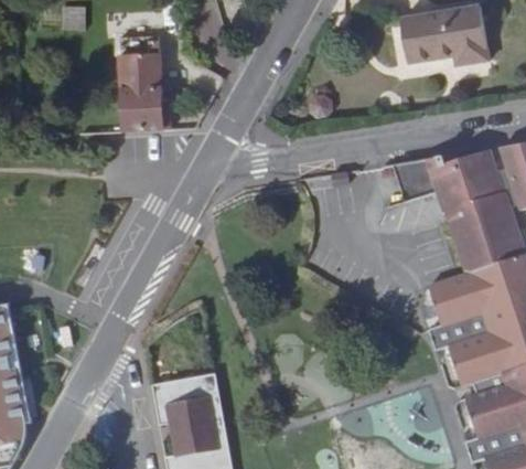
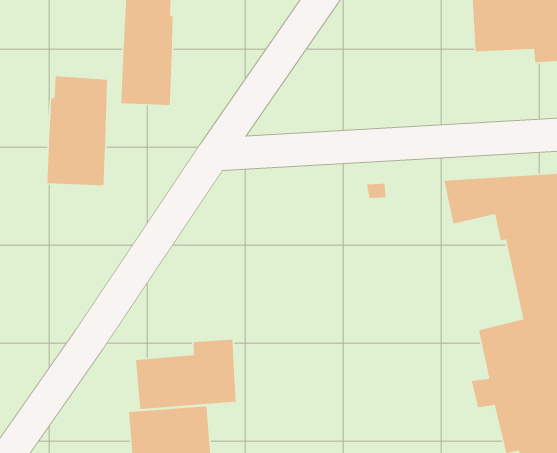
building: none -> [47,75,108,186]
building: none -> [135,339,236,410]

